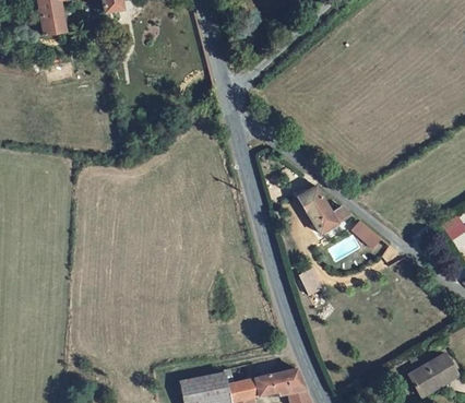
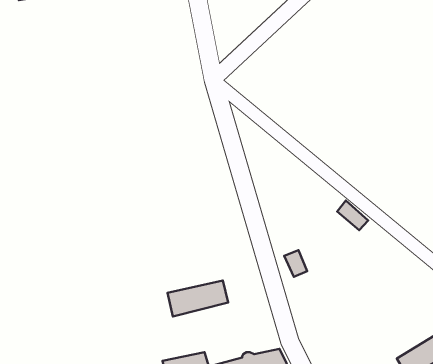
building: [298,187,355,235] -> none
building: none -> [167,280,228,316]

